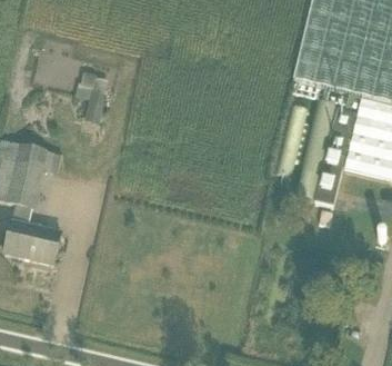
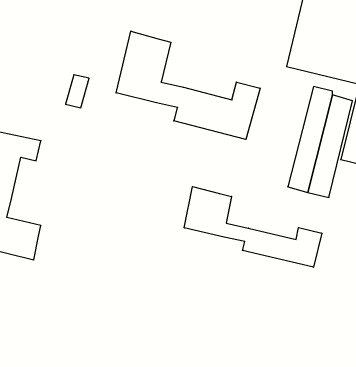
building: none -> [116,31,260,139]
building: none -> [184,187,322,267]

